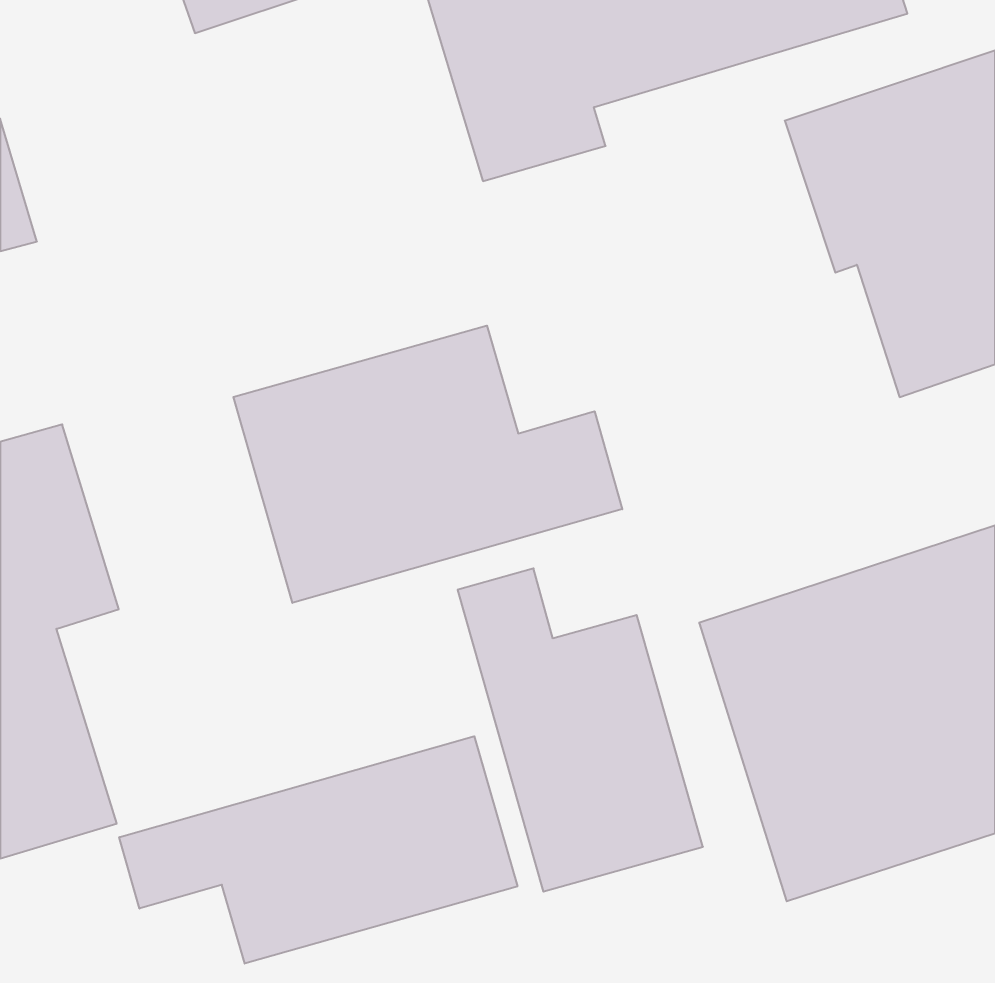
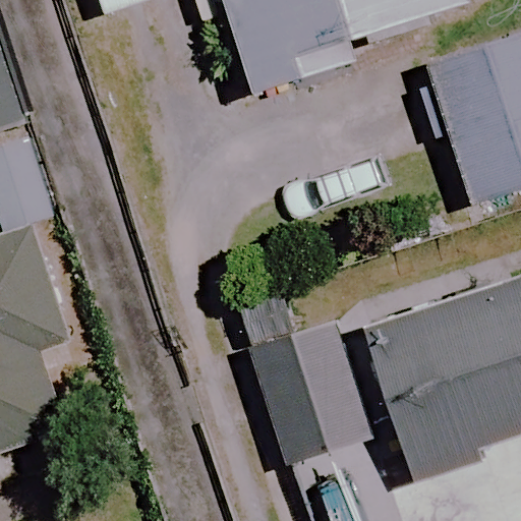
building: [233,326,622,603] -> none
building: [119,736,517,964] -> none

